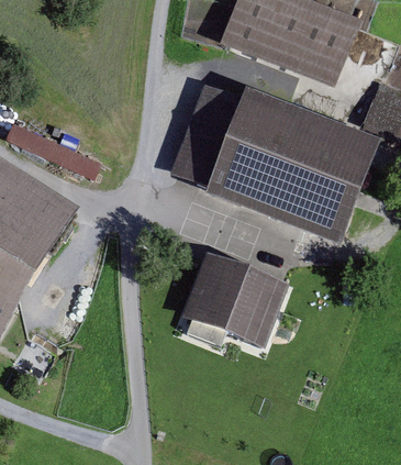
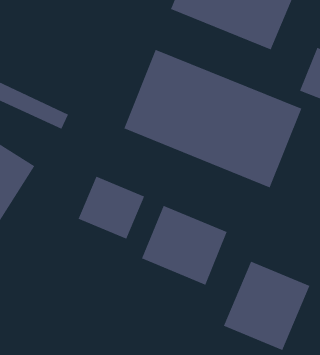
building: none -> [78,176,145,240]
building: none -> [223,261,310,351]

